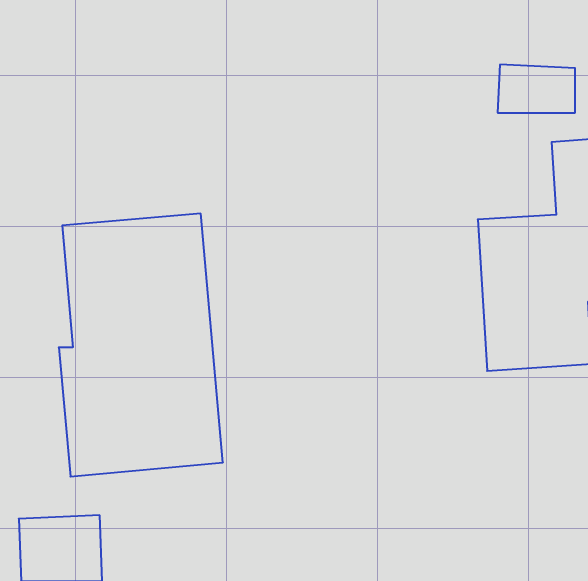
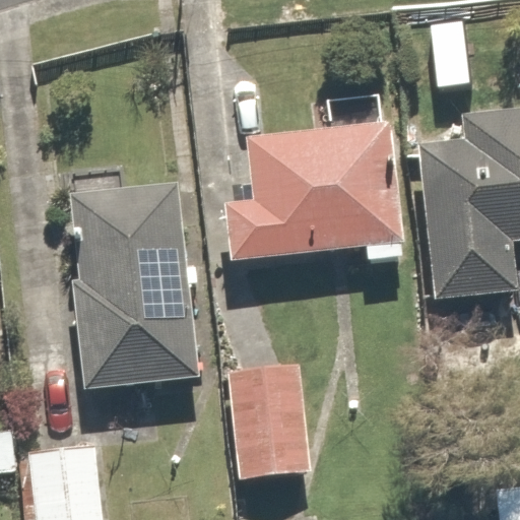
building: none -> [229,129,391,270]
building: none -> [234,391,311,493]

